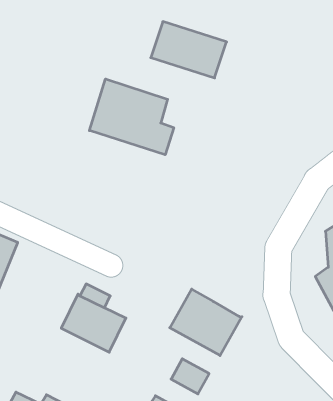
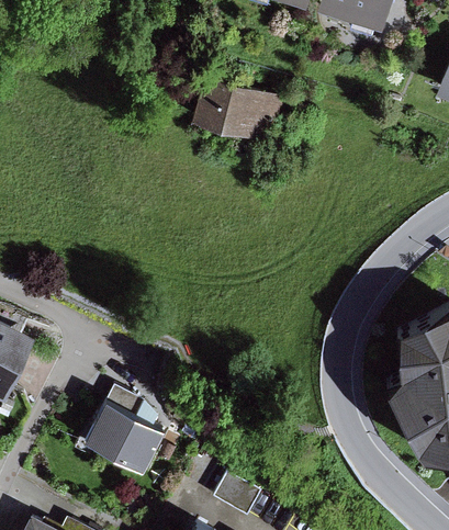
building: [89,79,174,155] -> none
building: [170,289,242,356] -> none

